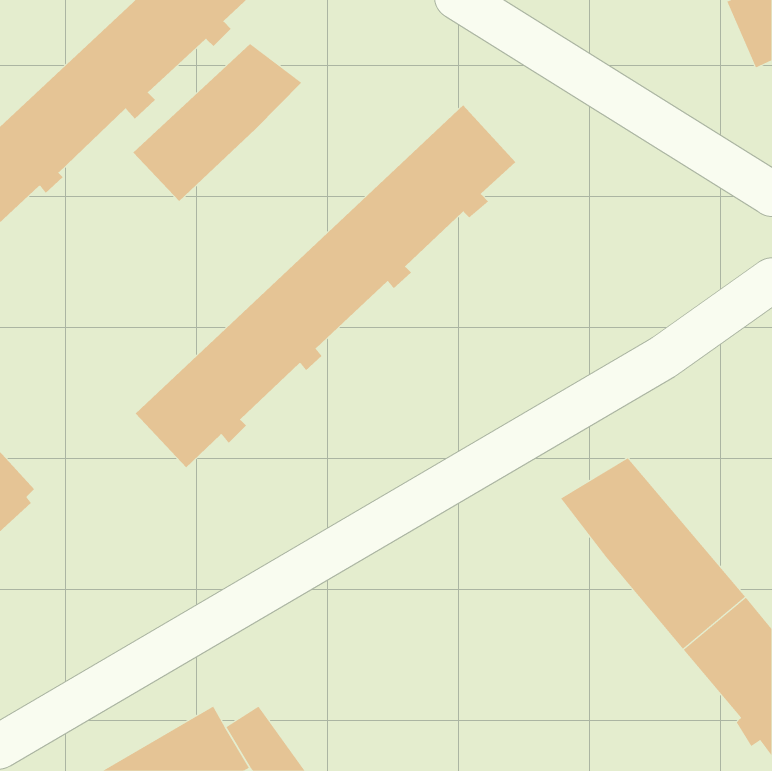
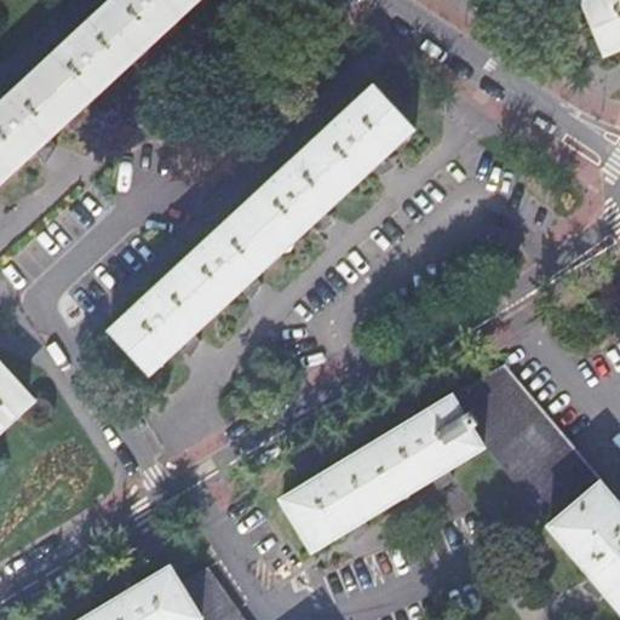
building: [133,43,302,202] -> none
building: none -> [283,398,484,550]

